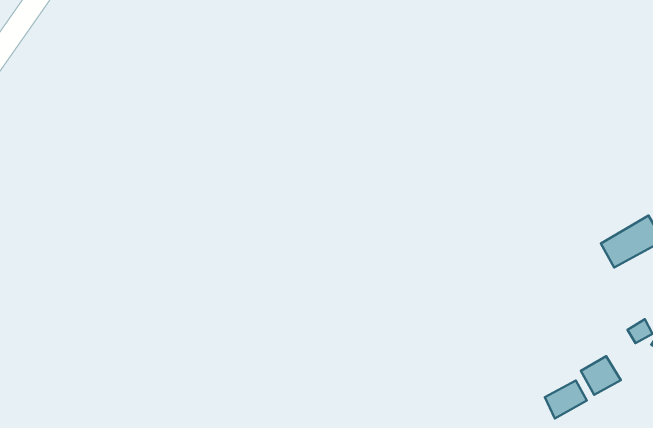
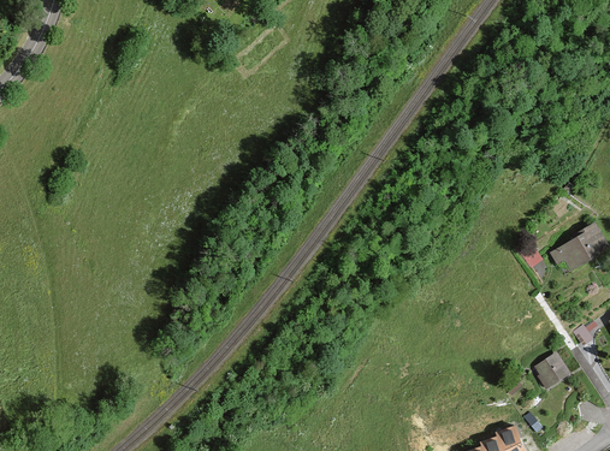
building: [545,380,587,418] -> none

